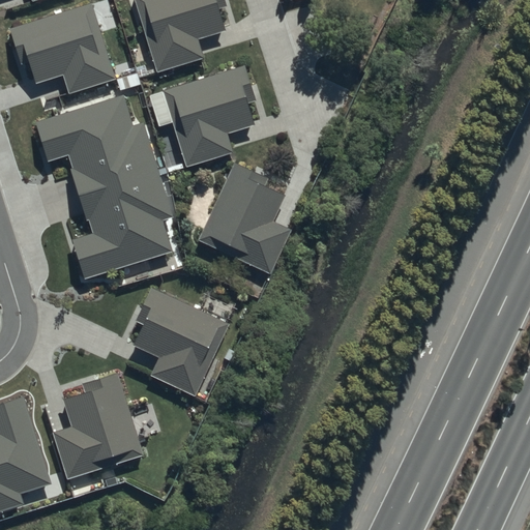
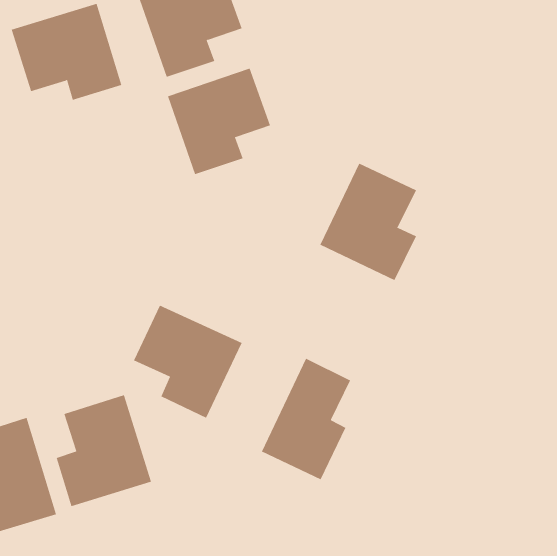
building: [37,95,178,278] -> none
building: [199,161,291,273] -> [319,163,417,281]
building: none -> [261,358,351,480]

